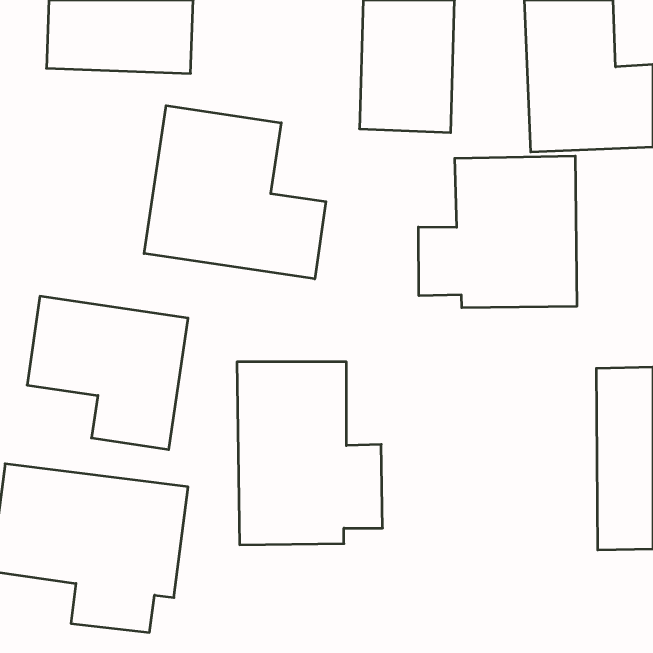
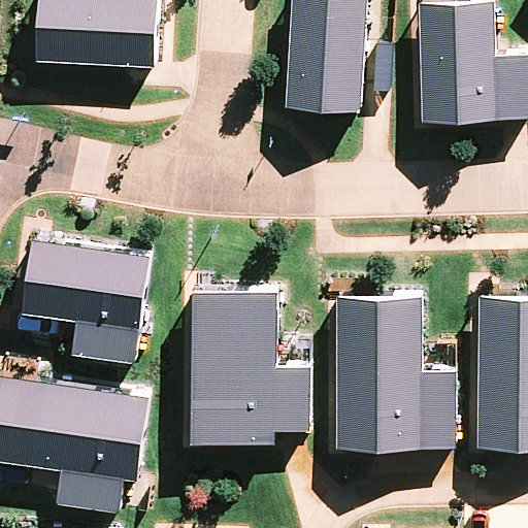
building: [144,106,326,279] -> none
building: [418,156,577,308] -> none
building: none -> [337,294,453,446]

